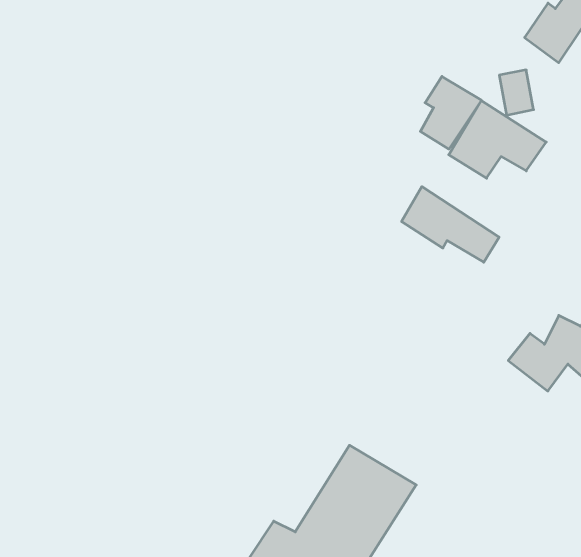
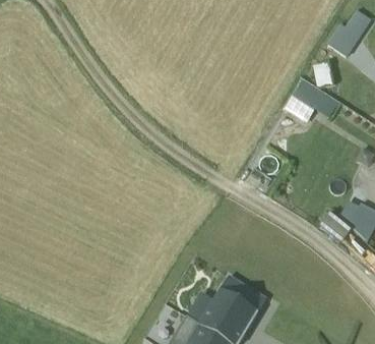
building: [420,76,481,149] -> none
building: [402,187,499,262] -> none

